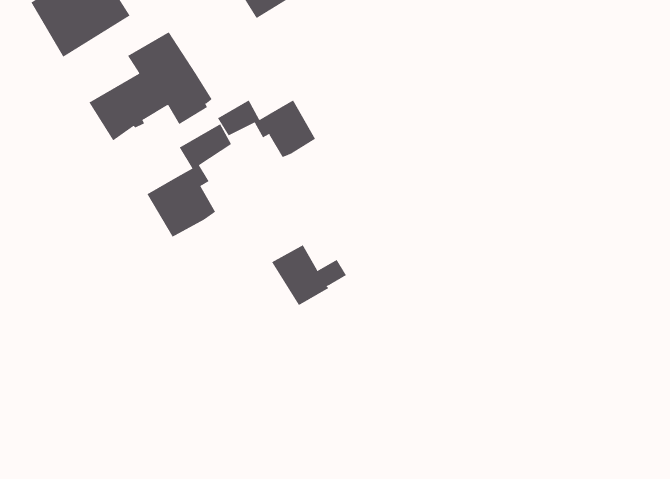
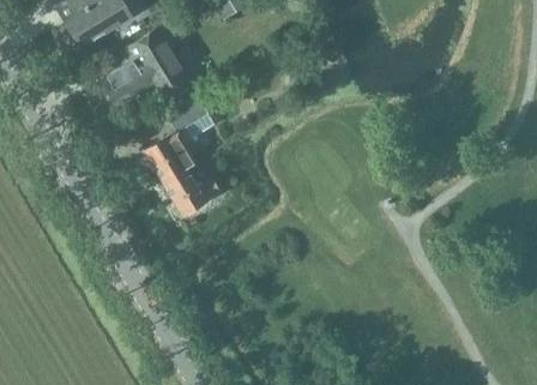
building: [217,99,316,158] -> none
building: [271,245,347,306] -> [164,169,221,215]

